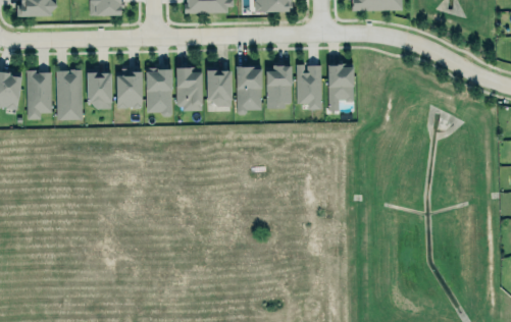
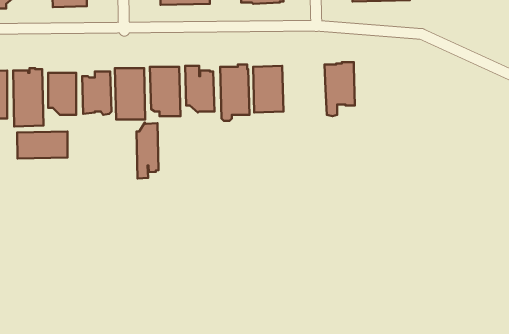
building: [297,64,322,110] -> none
building: none -> [136,123,159,179]
building: none -> [17,131,67,158]

